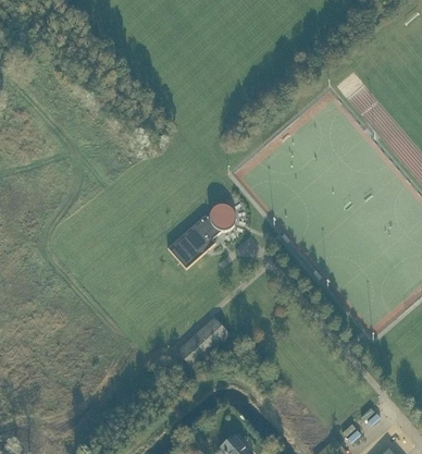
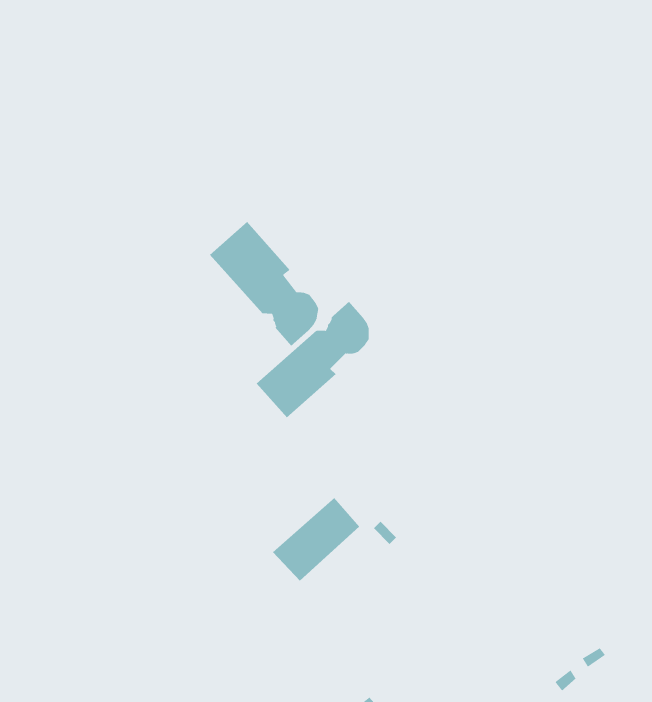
building: none -> [209,221,319,347]

